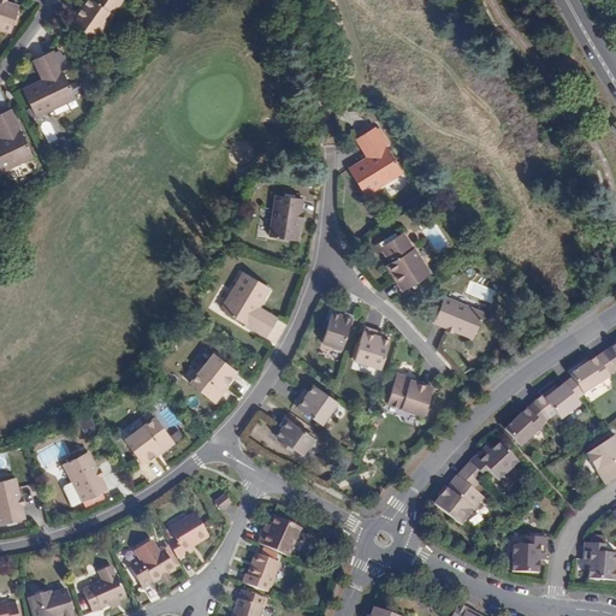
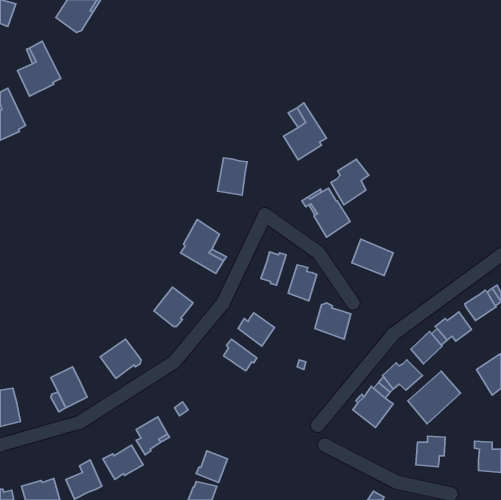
building: none -> [331,159,369,205]
building: none -> [408,371,460,424]
building: [257,516,301,556] -> none

